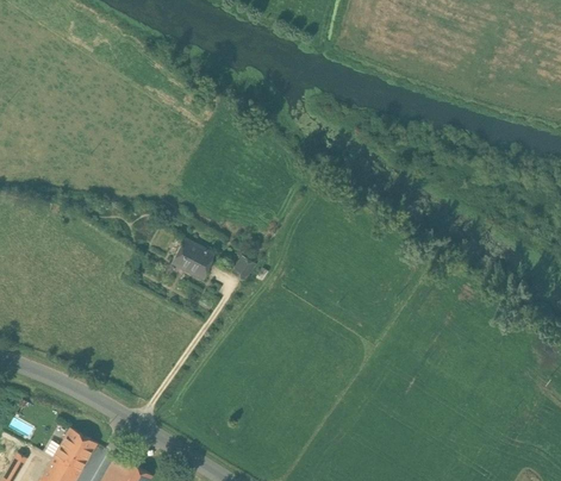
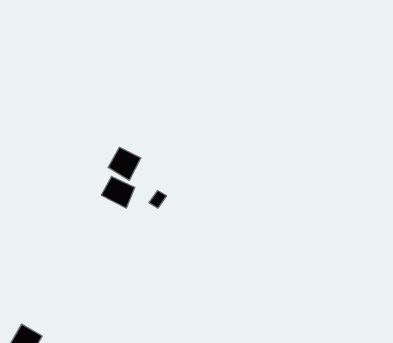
building: none -> [108,147,141,180]

